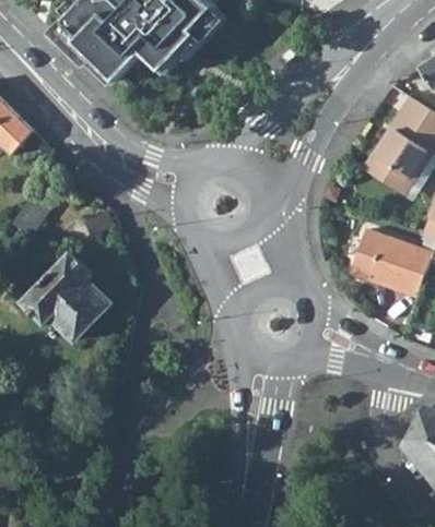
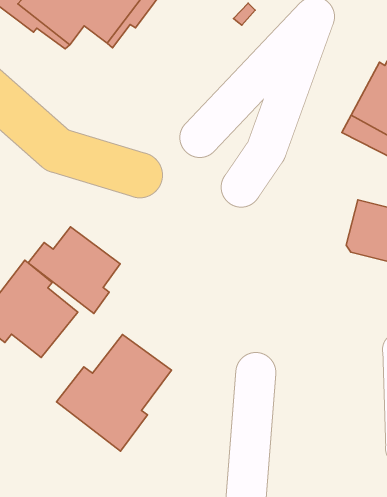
building: none -> [28,227,120,314]
building: none -> [57,335,171,451]

